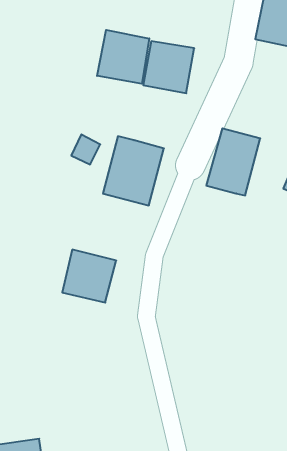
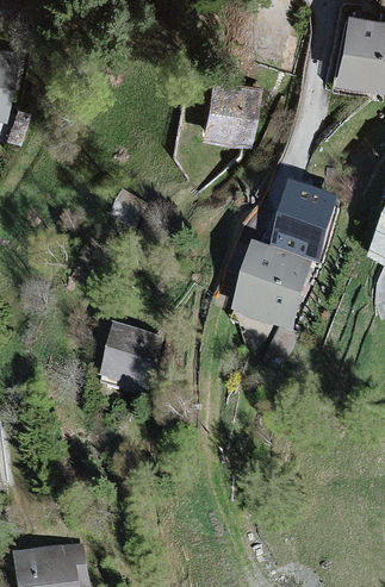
building: [97,30,149,84] -> none
building: [103,136,164,205] -> [235,248,308,330]

